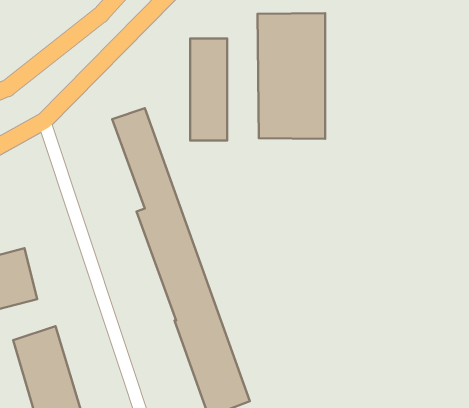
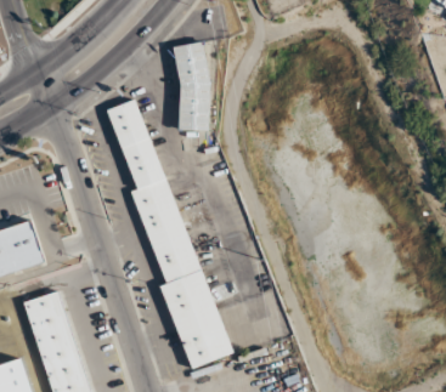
building: [257,13,325,139] -> none

